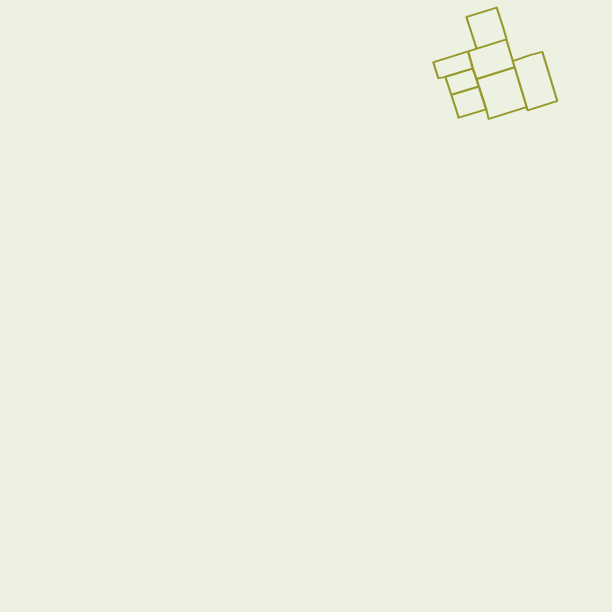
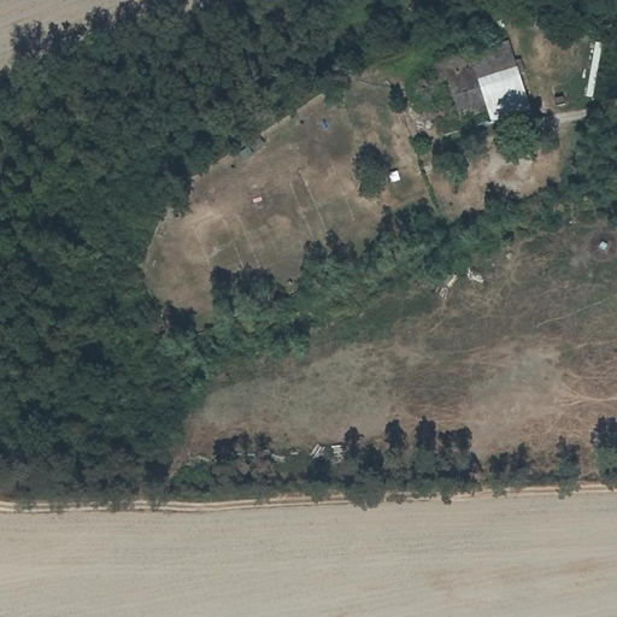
building: [467,7,507,49] -> none
building: [513,52,557,110] -> none

